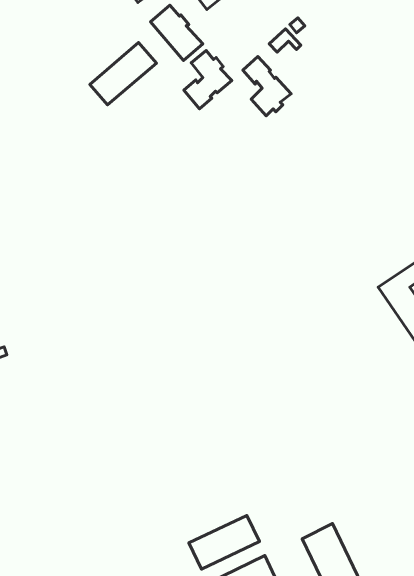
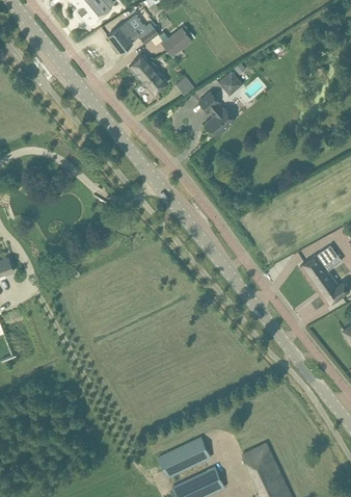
building: [90,42,156,105] -> none
building: [184,51,232,109] -> none

